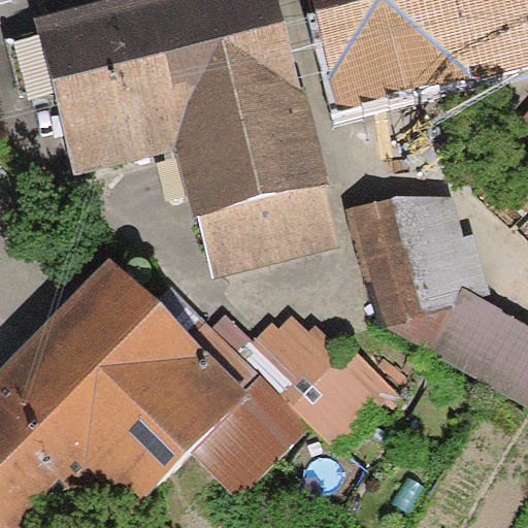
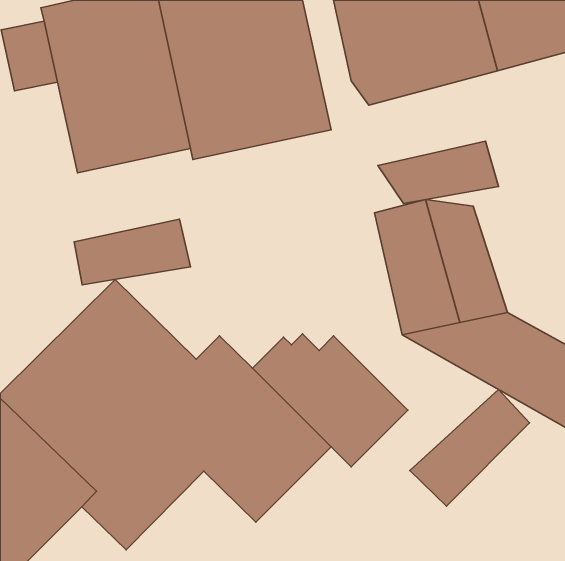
building: [180,126,331,250] -> none
building: none -> [378,141,499,204]
building: none -> [74,219,191,285]
building: none -> [410,390,530,506]

